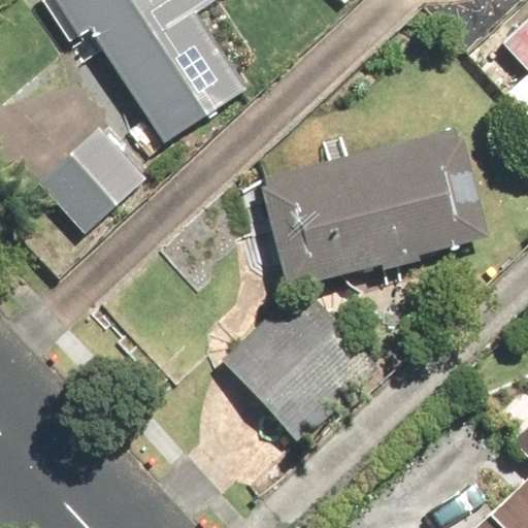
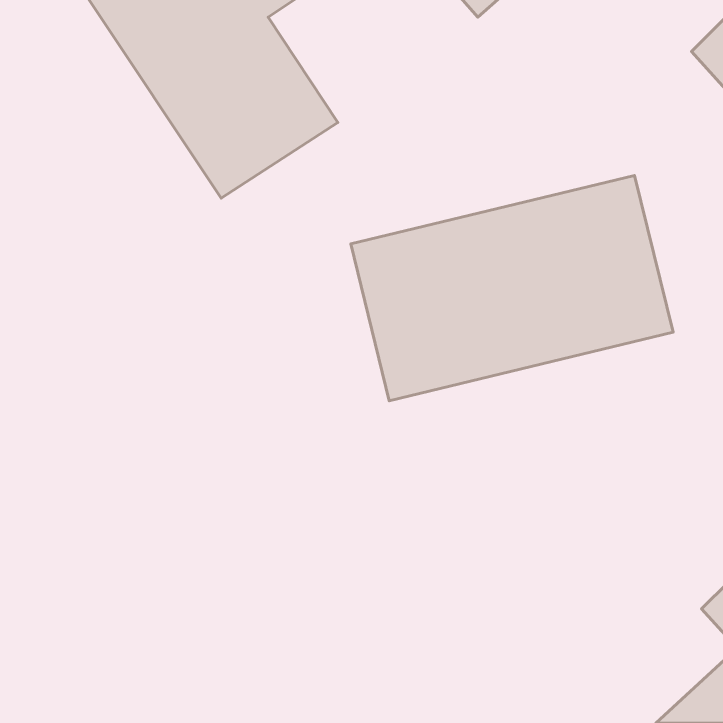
building: [37,124,151,236] -> none
building: [222,291,372,440] -> none

